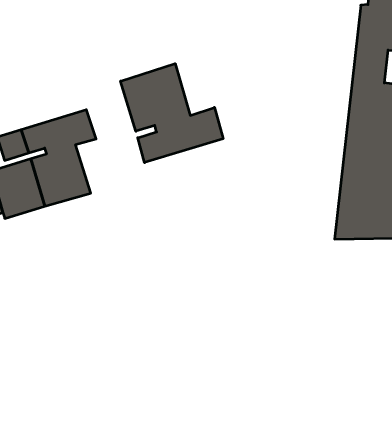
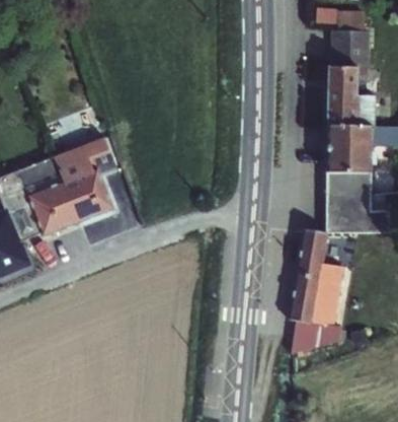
building: [121,64,223,163] -> none
building: none -> [287,229,342,352]

